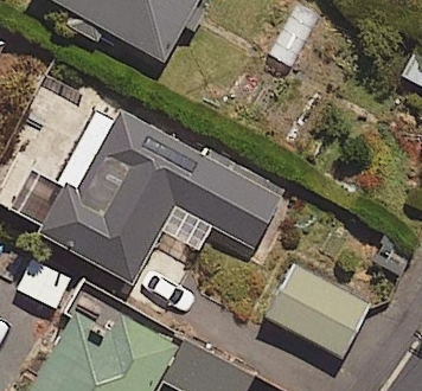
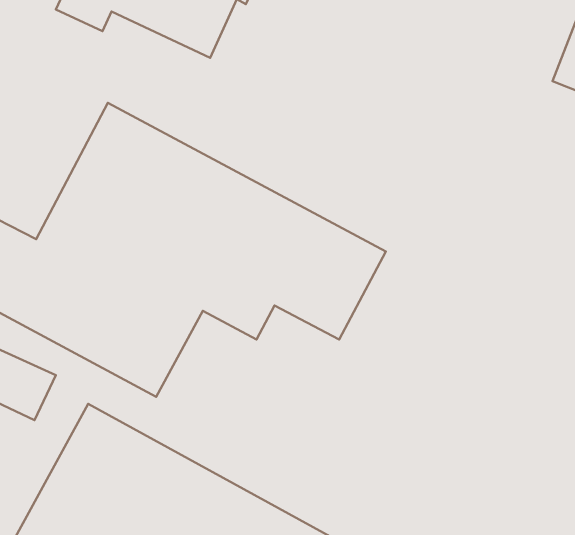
building: [262,264,369,358] -> none

